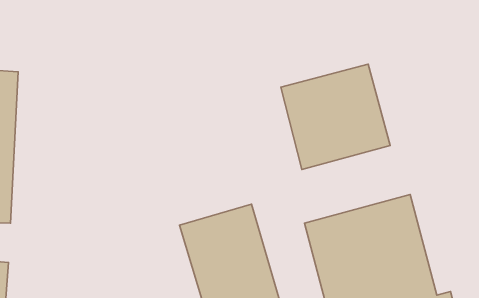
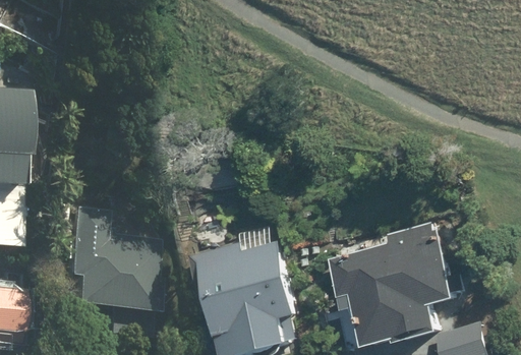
building: [281,64,390,169] -> none
building: none -> [60,206,156,311]

